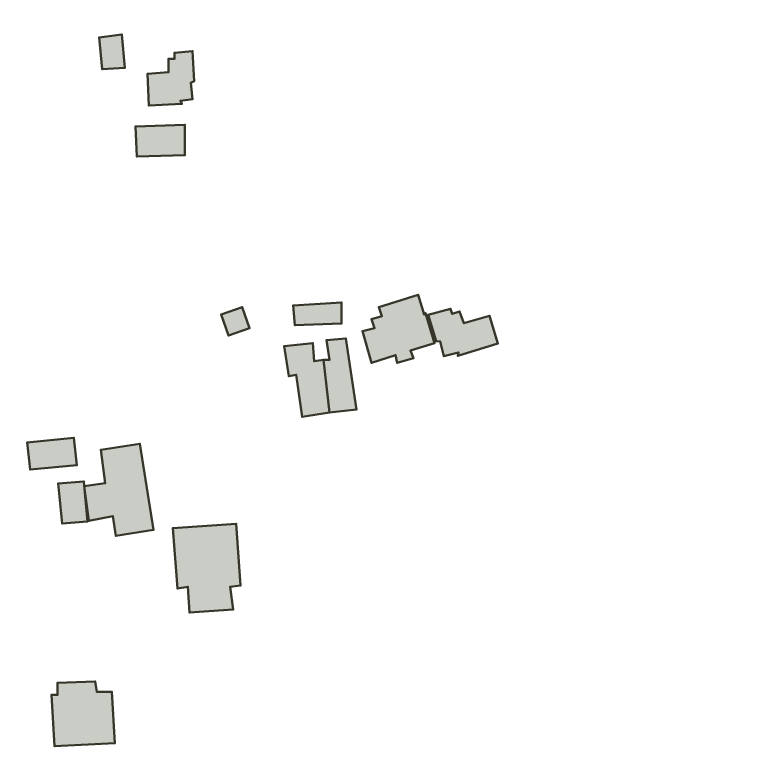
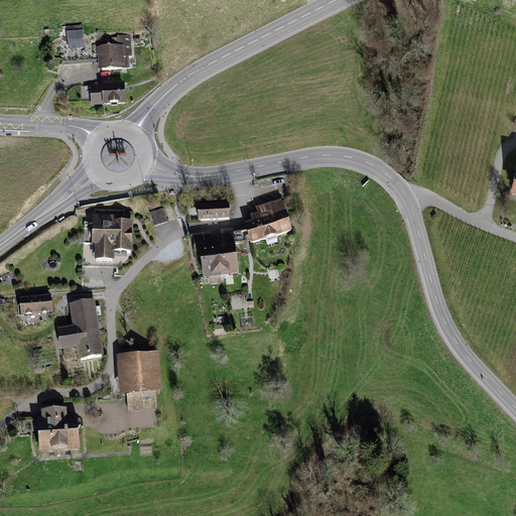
building: [428,309,498,356] -> none
building: none -> [91,214,132,260]
building: [58,481,88,524] -> none
building: [52,681,115,746] -> [36,407,79,450]

